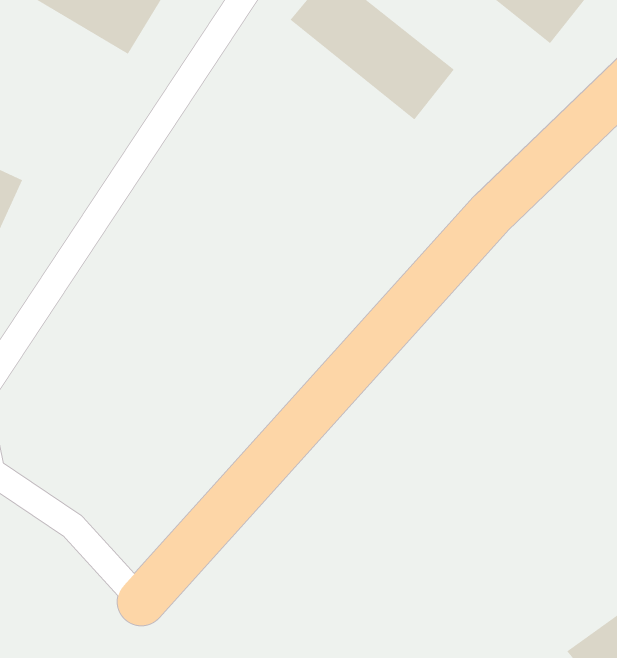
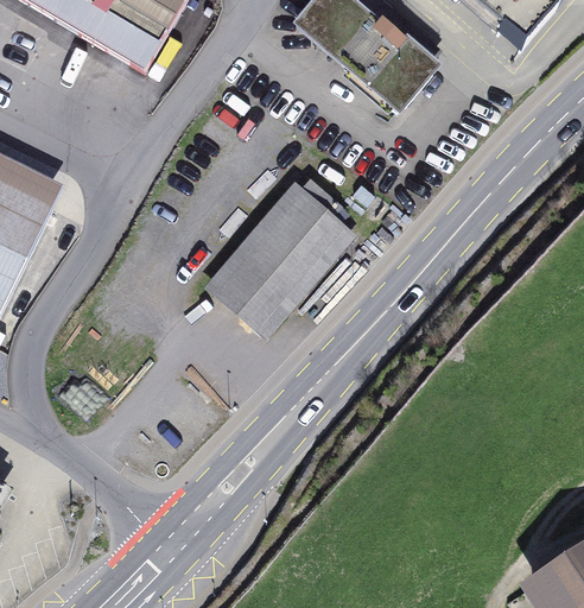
building: none -> [216,177,348,317]

